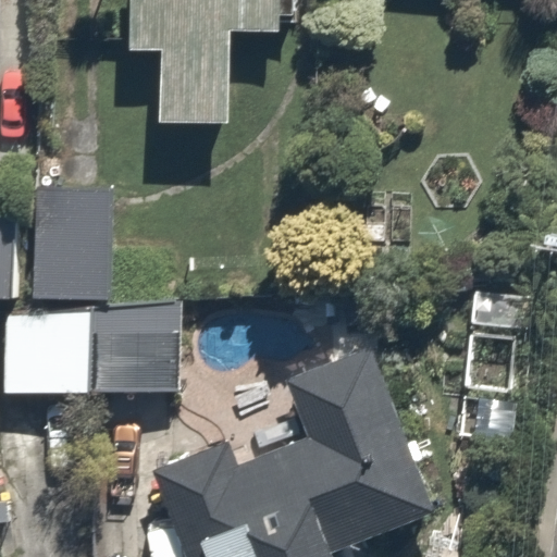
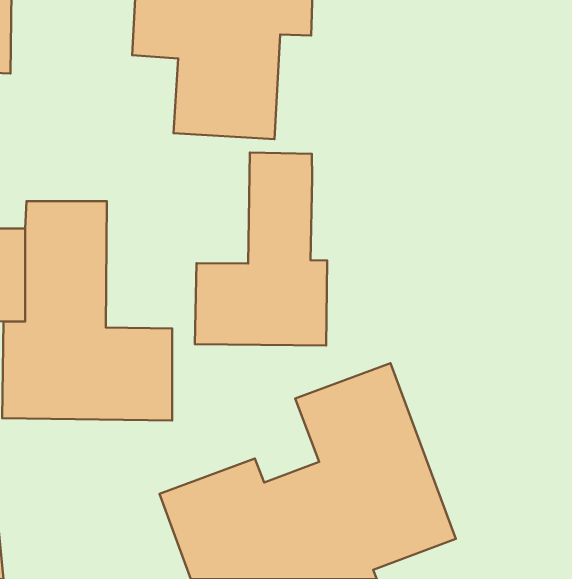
building: none -> [195,152,327,346]

